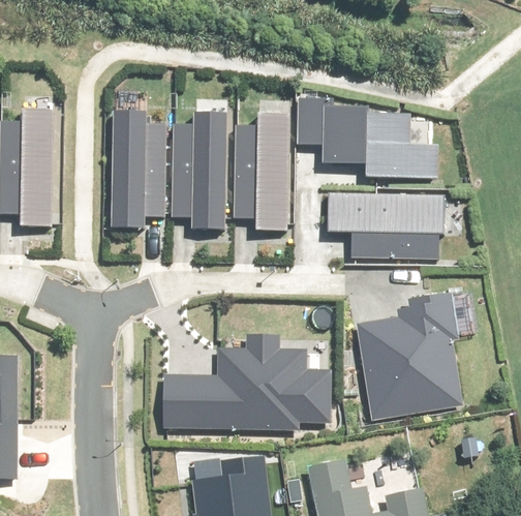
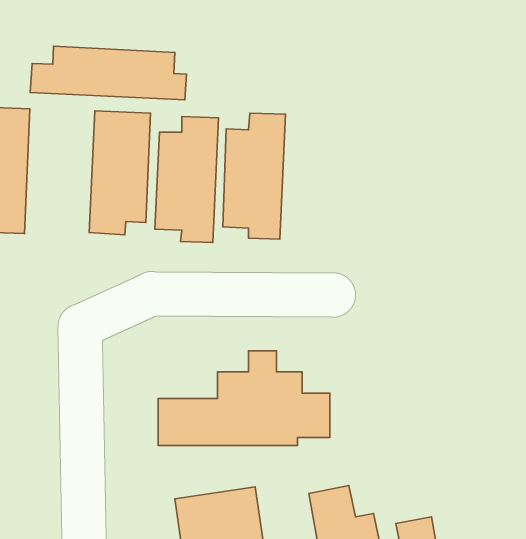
building: none -> [30,46,186,100]
building: [296,103,436,176] -> none
building: [329,194,441,257] -> none
building: [360,293,464,418] -> none

